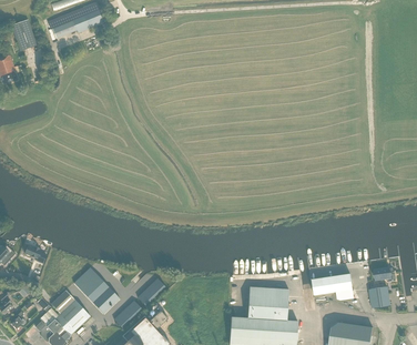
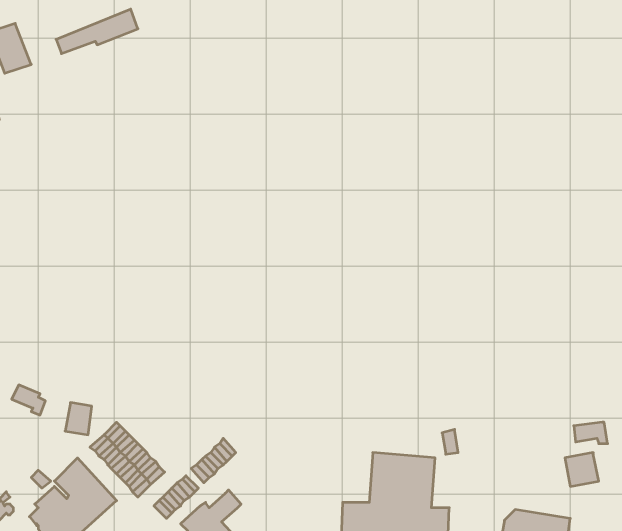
building: [312,273,354,300] -> none

